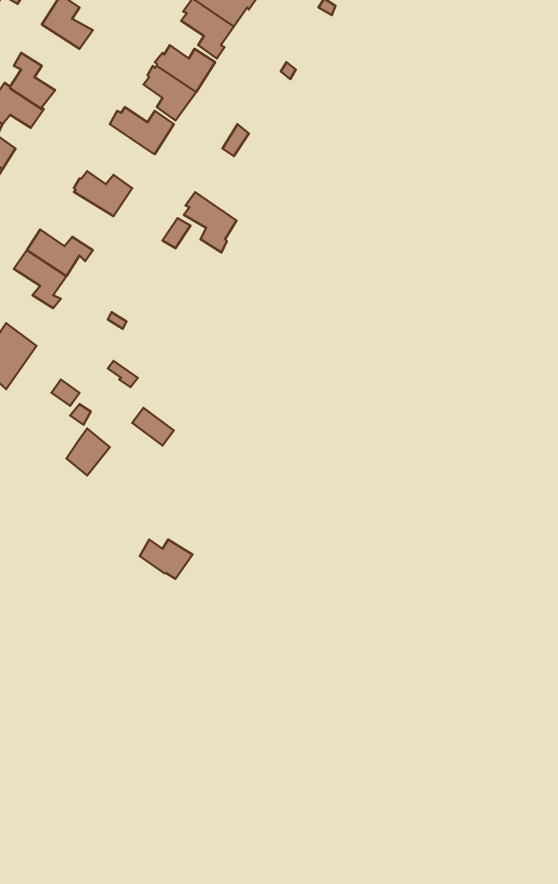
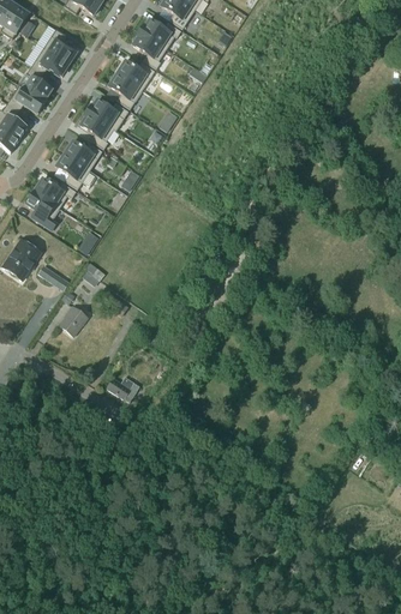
building: none -> [30,47,67,74]
building: none -> [55,154,89,188]
building: [184,192,236,252] -> [79,110,113,149]

